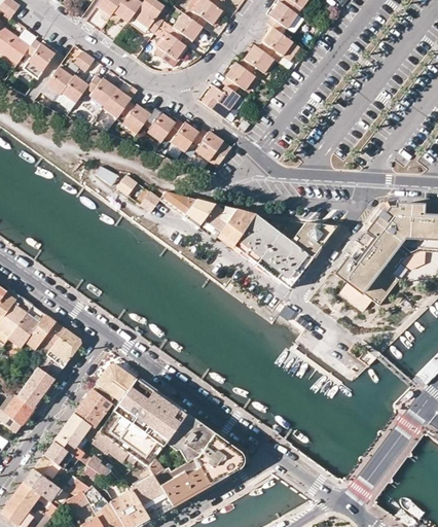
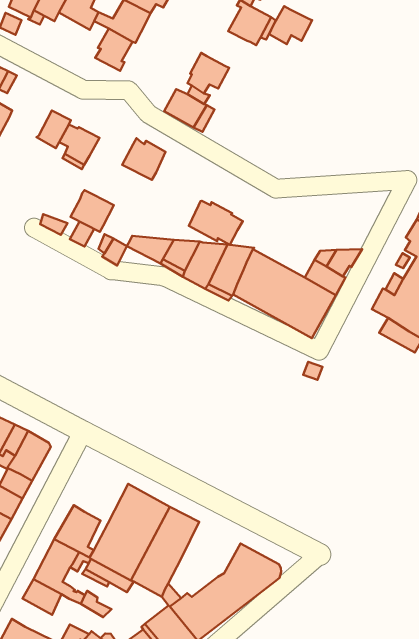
building: [240,44,273,73] -> [269,6,312,44]
building: [84,75,117,106] -> none
building: [141,108,175,141] -> [70,190,114,232]
building: [189,129,230,165] -> [189,201,243,245]
building: [97,363,136,406] -> none
building: [168,414,214,458] -> none
building: [34,453,68,478] -> none

